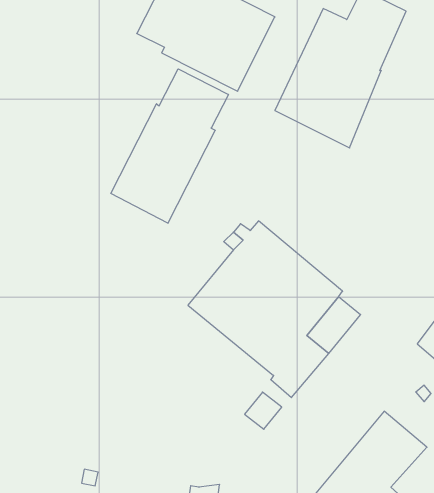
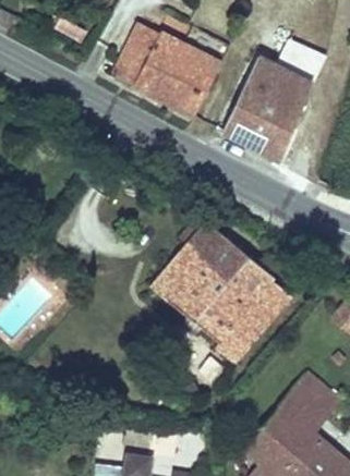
building: [111,69,228,223] -> none

